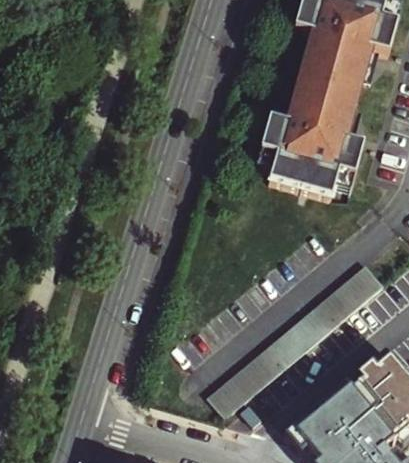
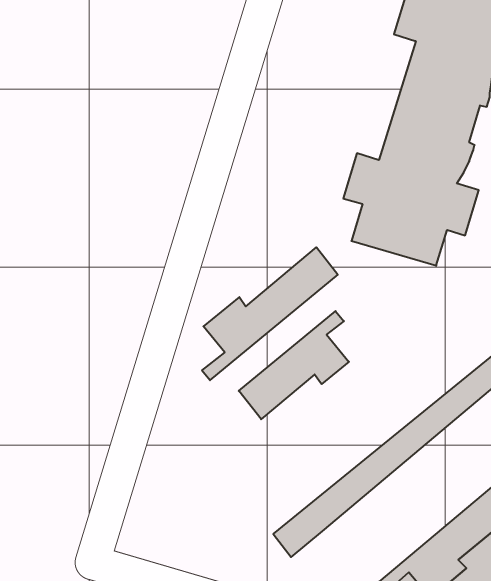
building: none -> [202,247,338,380]
building: none -> [239,311,349,419]

